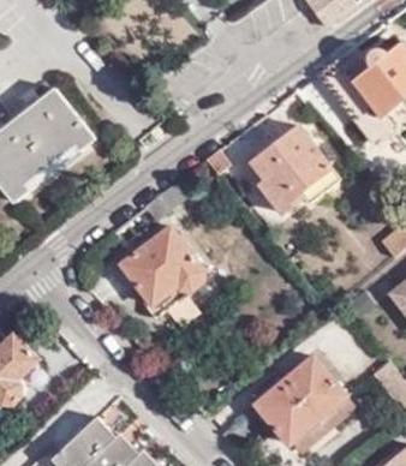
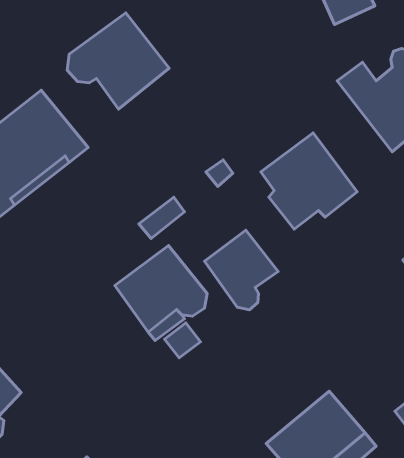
building: none -> [67,13,169,109]
building: none -> [204,230,278,310]

